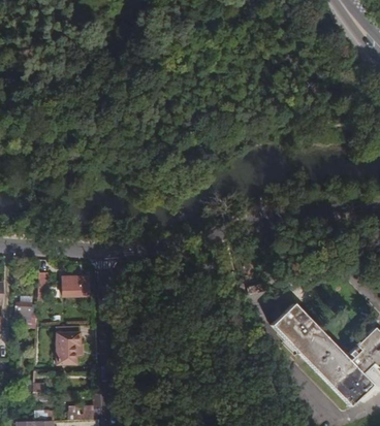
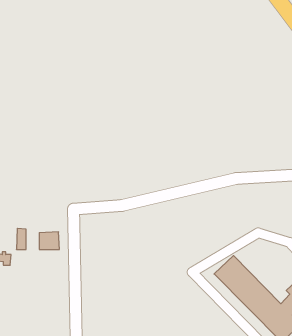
building: [58,325,84,363] -> none

